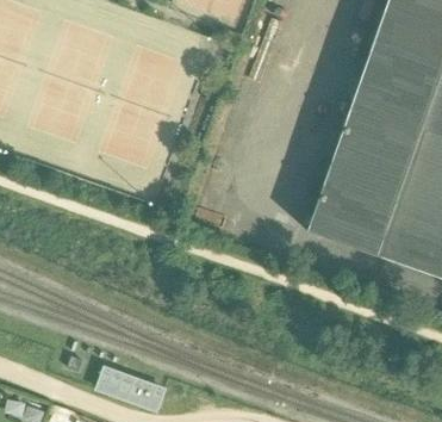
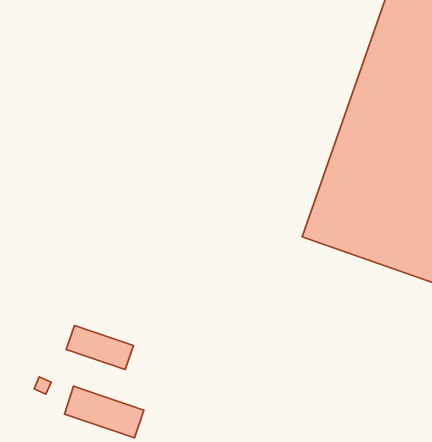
building: none -> [66,326,133,369]

